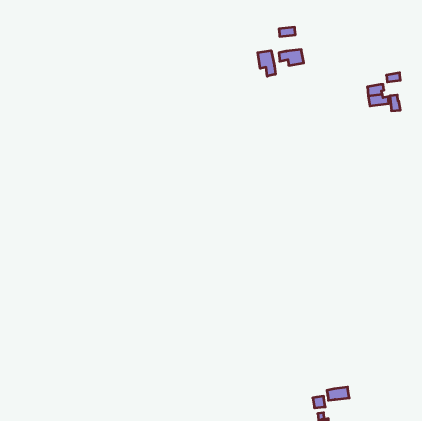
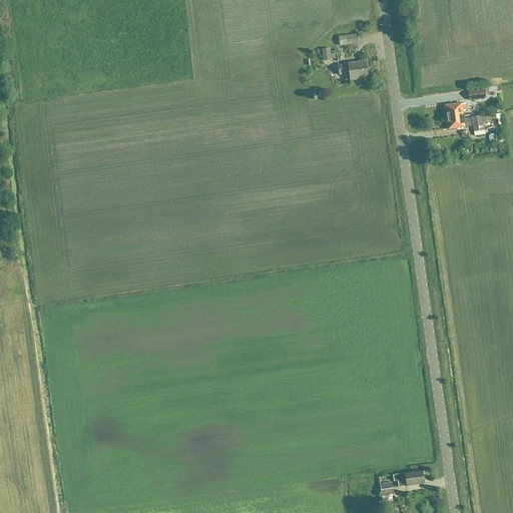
building: [258,51,275,76] -> none

